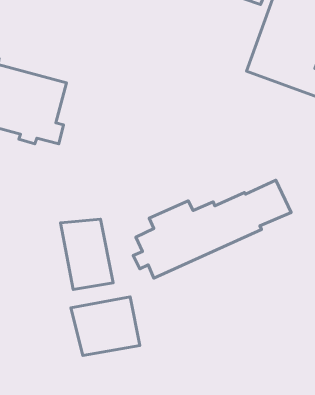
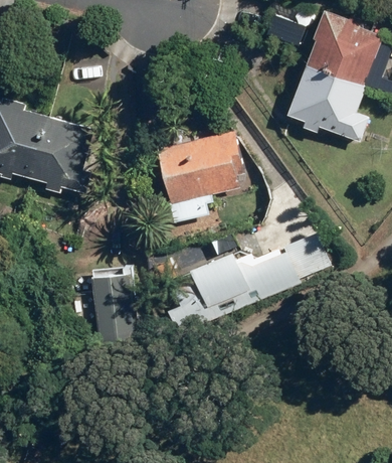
building: none -> [151,130,245,223]
building: [71,297,140,355] -> none

